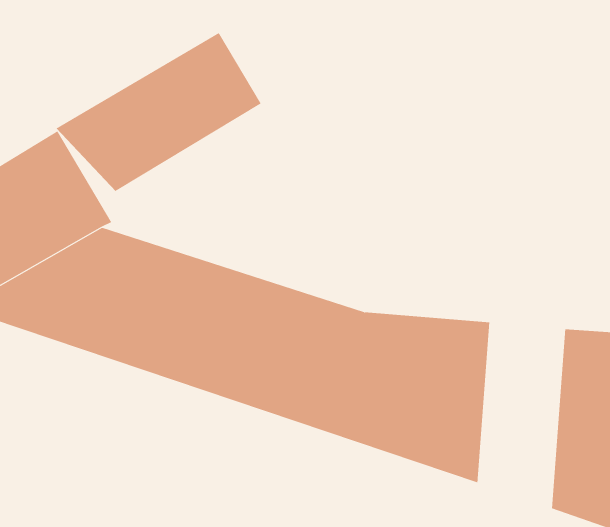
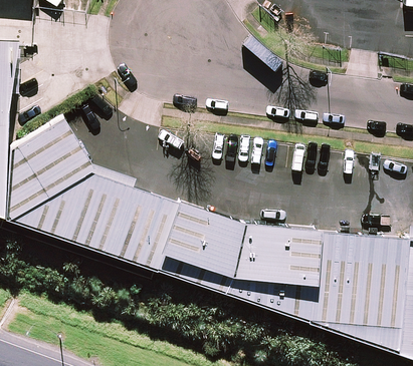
building: [56,32,262,192] -> none
building: none -> [313,227,364,337]

